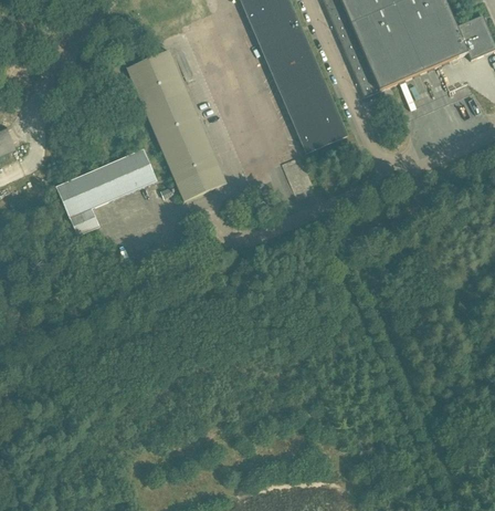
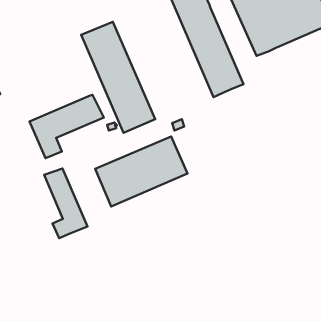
building: none -> [95,137,187,206]
building: none -> [44,169,87,238]

